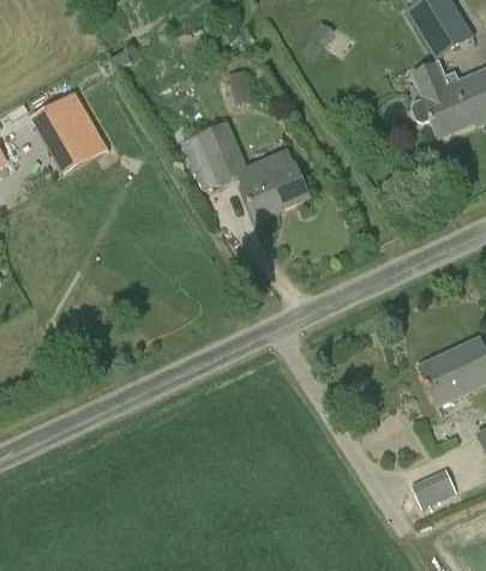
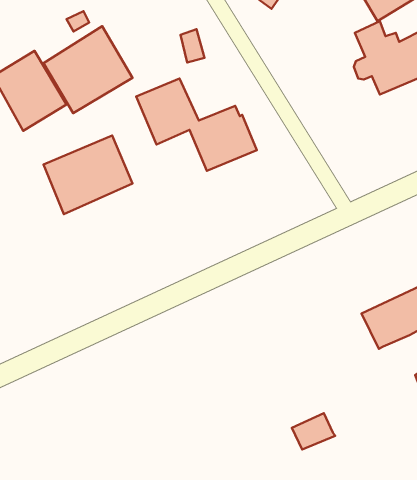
building: none -> [43,26,132,113]
building: none -> [43,135,132,214]
building: [410,469,456,507] -> [292,413,335,450]

